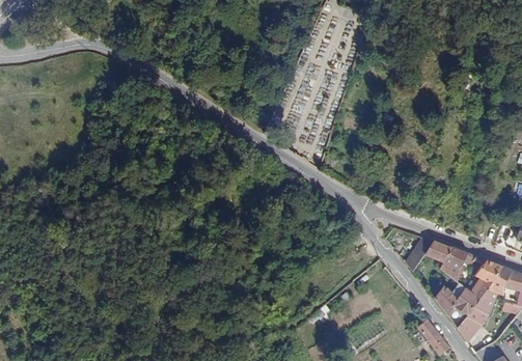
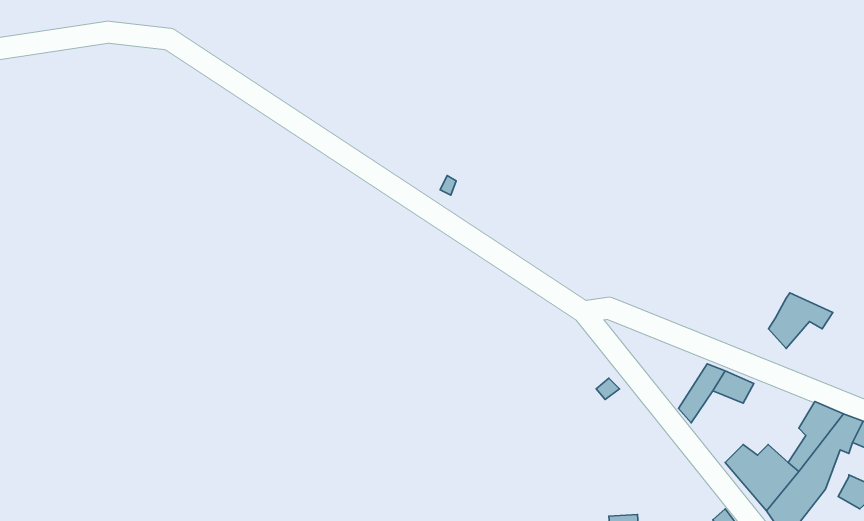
building: [439,246,476,278] -> [768,293,833,348]

